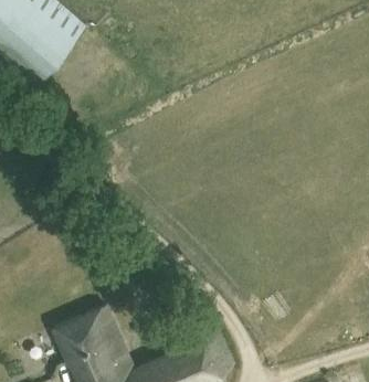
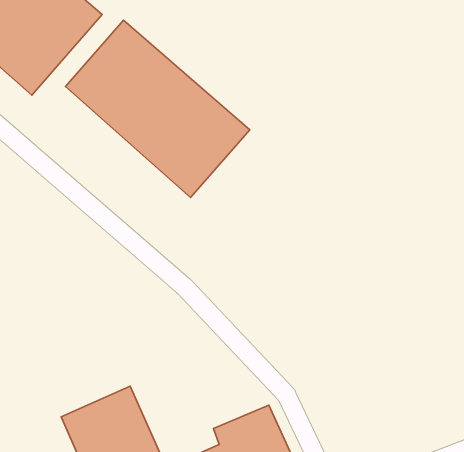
building: none -> [65,20,250,197]

